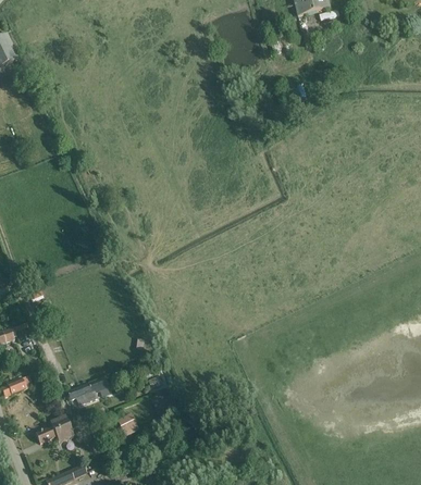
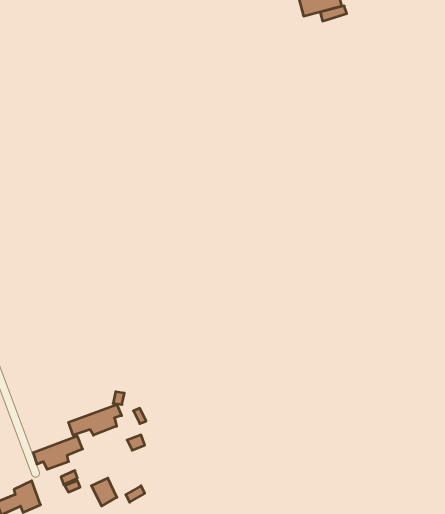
building: none -> [69,404,122,435]

